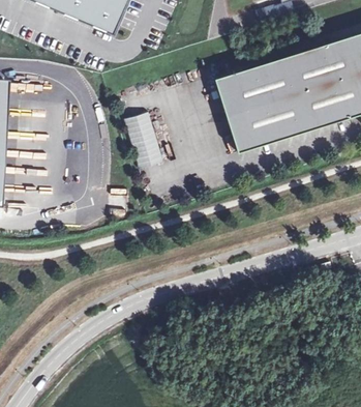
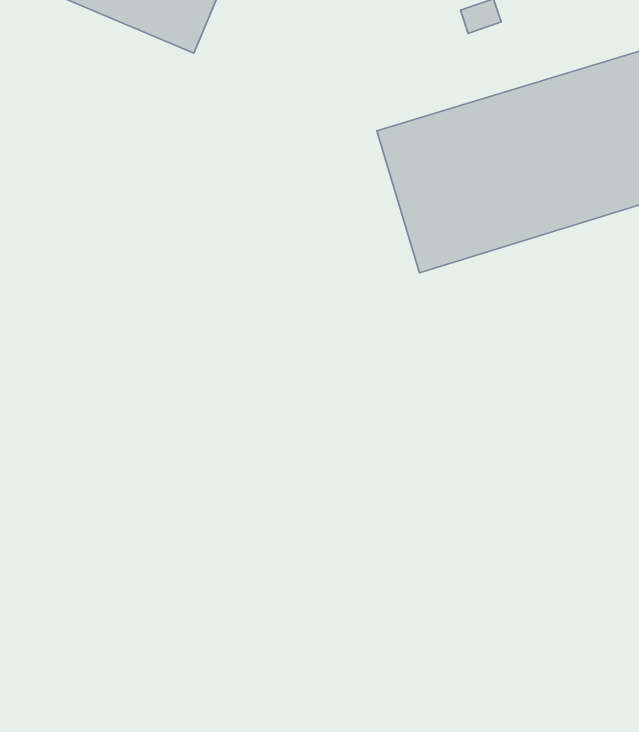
building: [126,111,164,168] -> none

